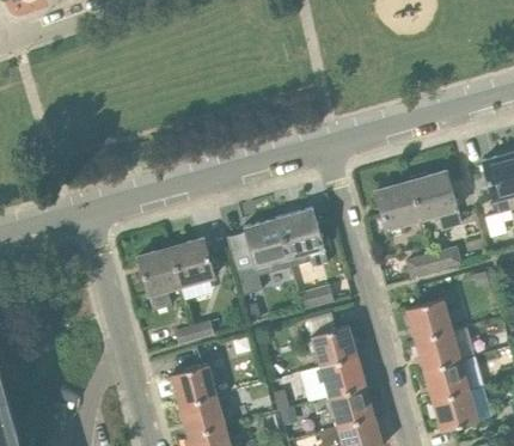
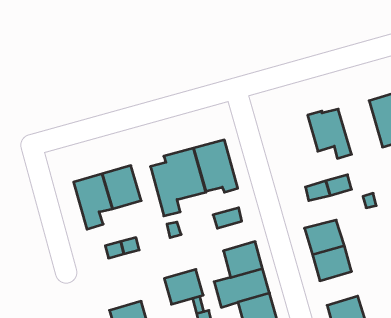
building: [375,178,421,237] -> none
building: [423,360,467,399] -> none
building: [170,365,215,405] -> [164,269,203,304]

